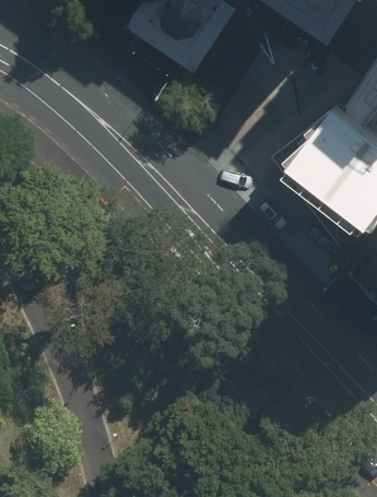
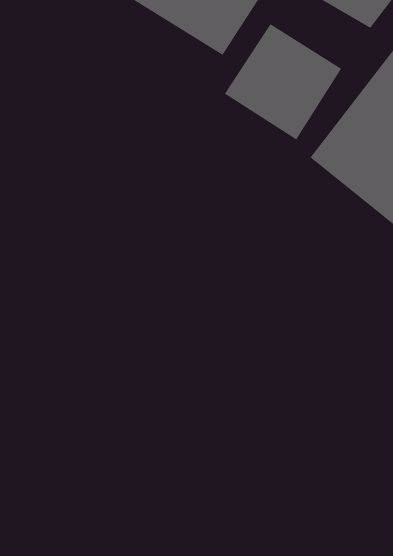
building: none -> [224,23,342,140]

